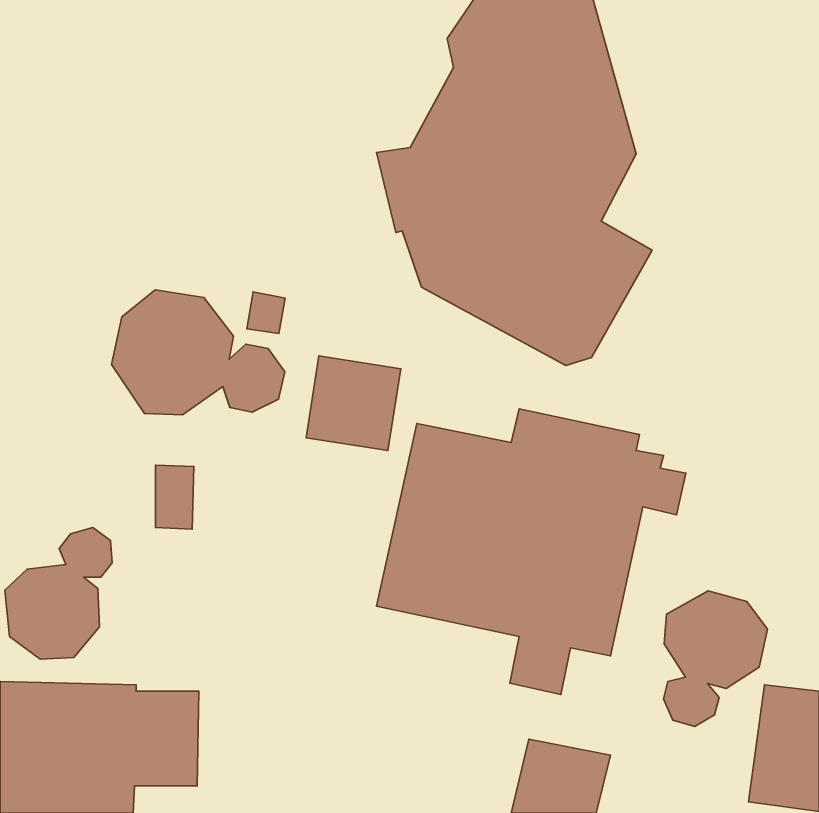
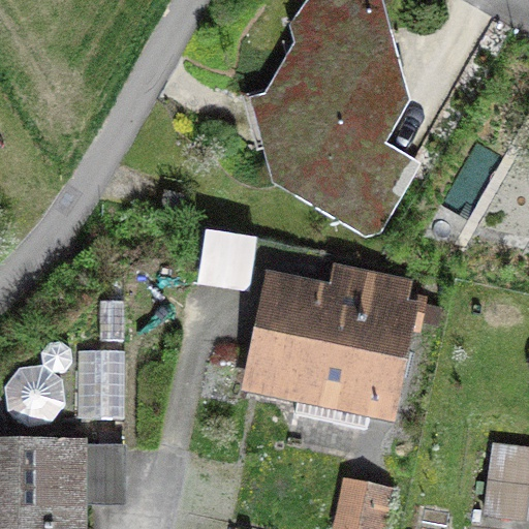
building: [111,290,285,415] -> none
building: none -> [75,351,126,416]
building: [663,591,767,727] -> none

